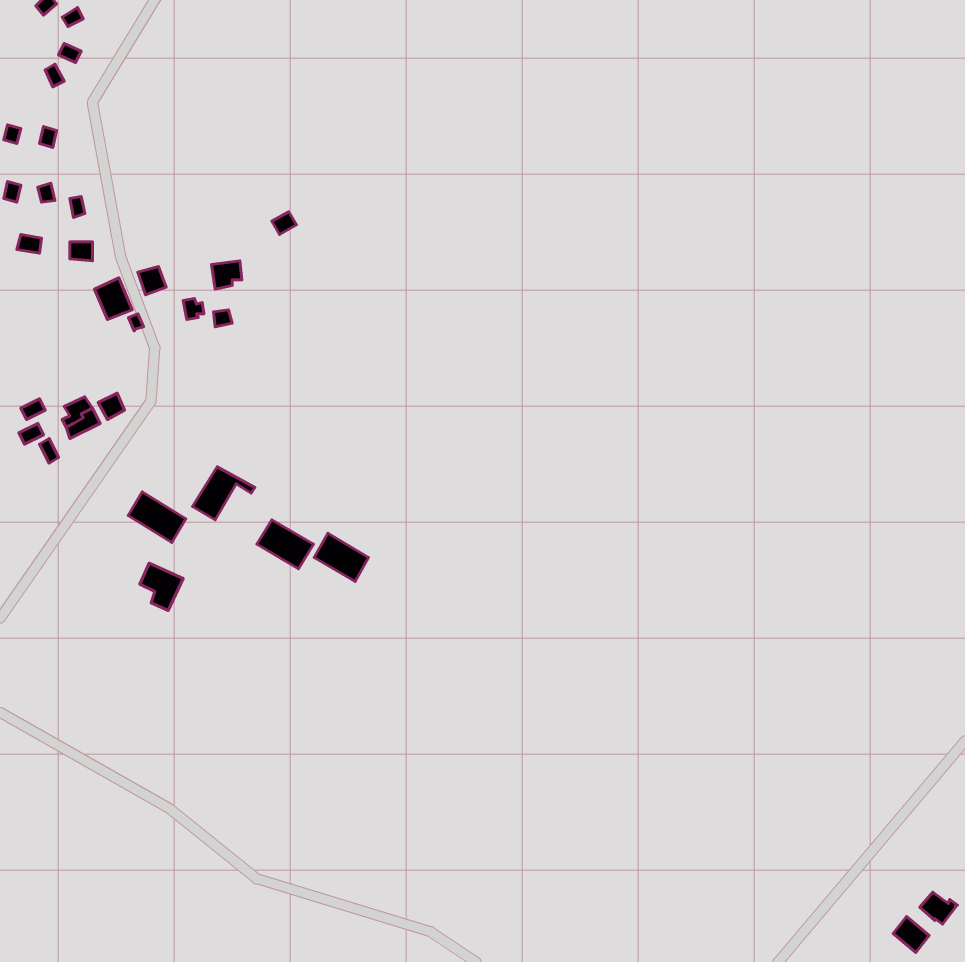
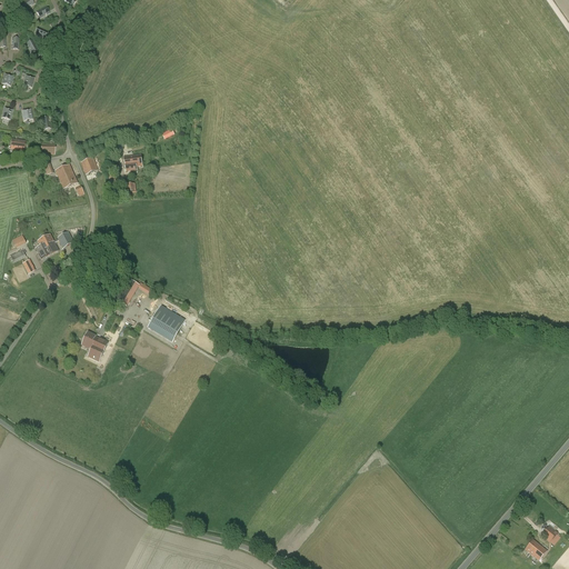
building: [128,492,186,542] -> none
building: [314,533,369,581] -> none

